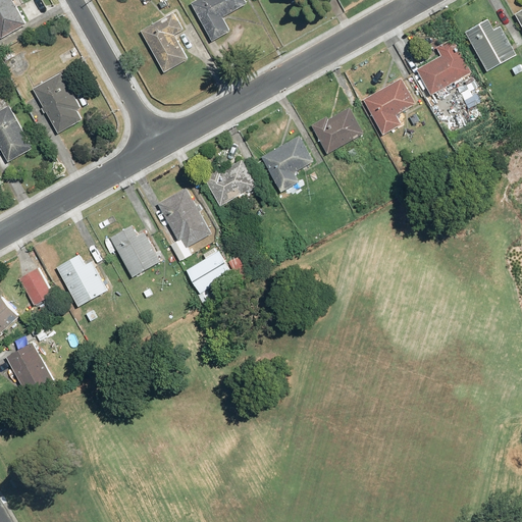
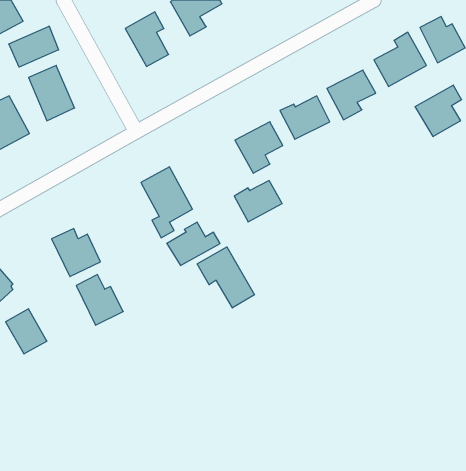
building: none -> [9,26,59,67]
building: none -> [415,85,462,137]
building: [204,159,257,205] -> [234,181,282,222]
building: [108,221,160,277] -> [76,275,123,325]
building: [18,266,54,307] -> none
building: none -> [197,247,254,308]

